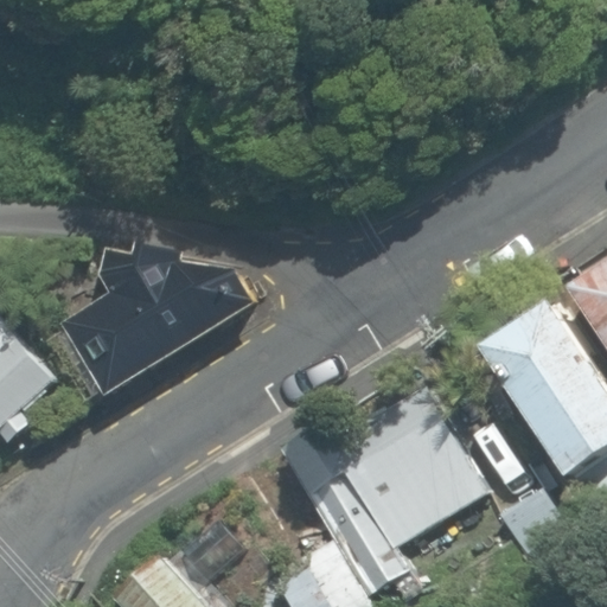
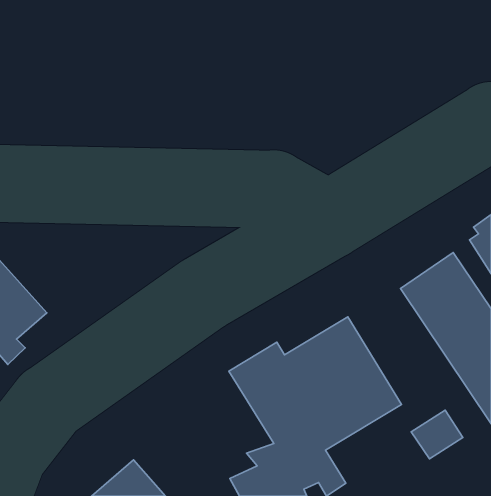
building: [62,248,257,400] -> none

